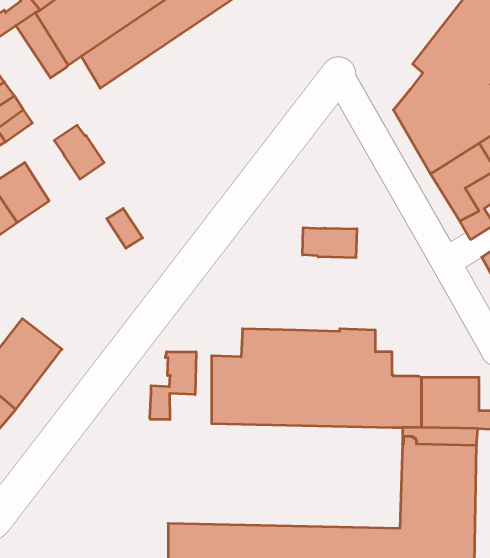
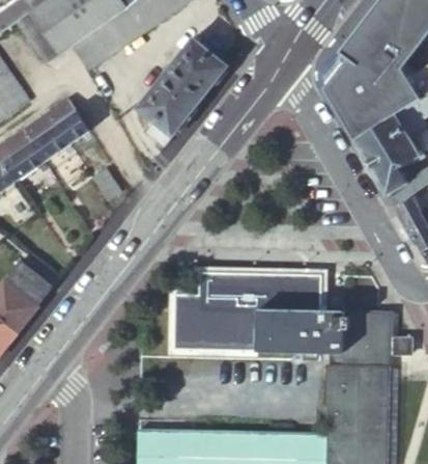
building: none -> [137,40,226,147]
building: none -> [24,115,68,164]
building: [303,228,357,258] -> none
building: [150,352,196,420] -> none

